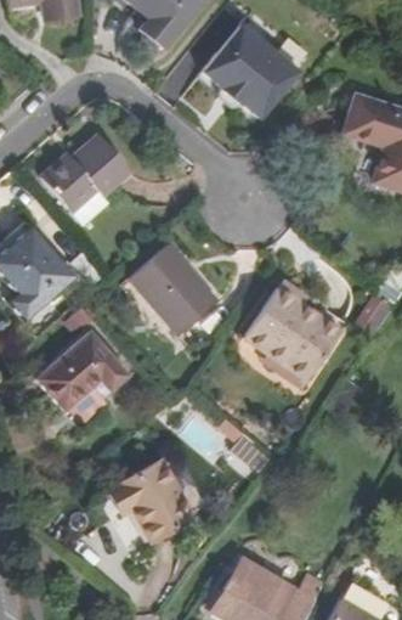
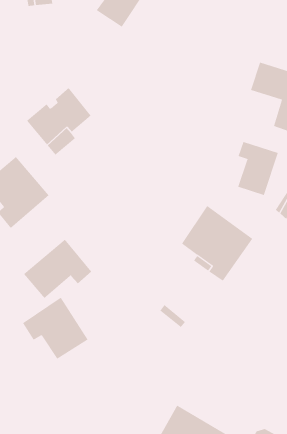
building: [203,18,304,118] -> none
building: none -> [238,141,279,196]
building: [130,246,217,334] -> none
building: [103,458,192,542] -> [22,297,89,359]

